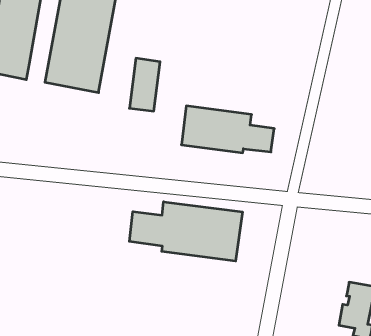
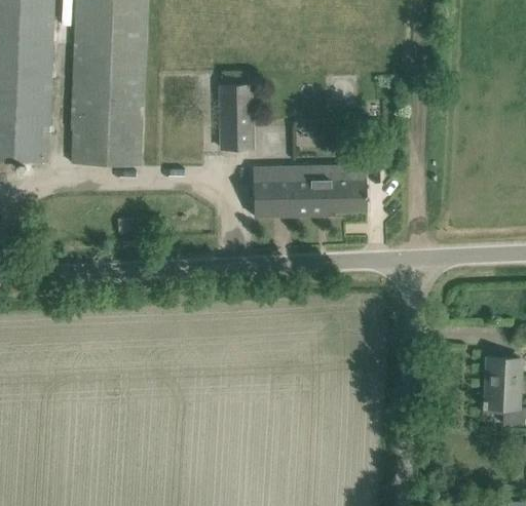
building: [129,58,160,111] -> [220,85,252,149]
building: [129,202,242,261] -> none

